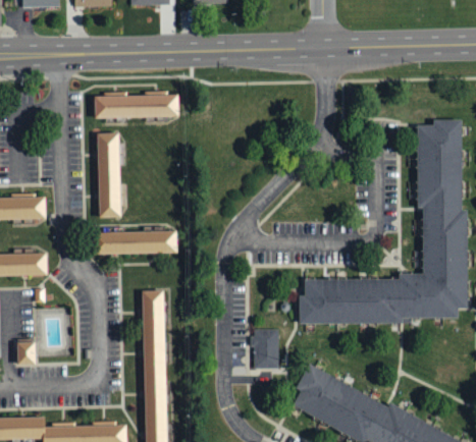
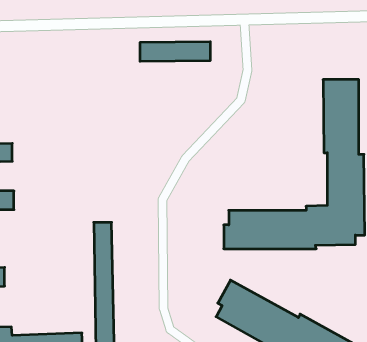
building: [94,95,178,118] -> [140,42,210,61]
building: [98,132,120,217] -> none
building: [93,231,177,254] -> none
building: [253,330,279,368] -> none

